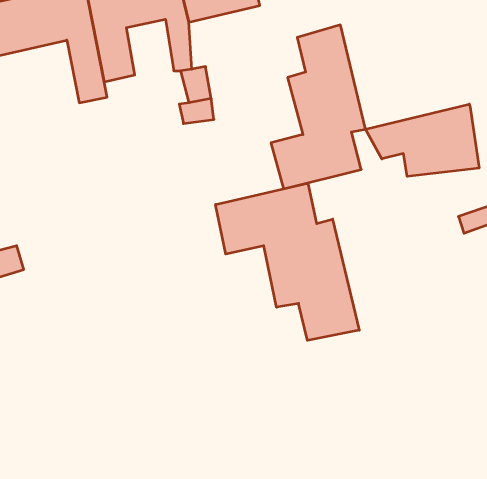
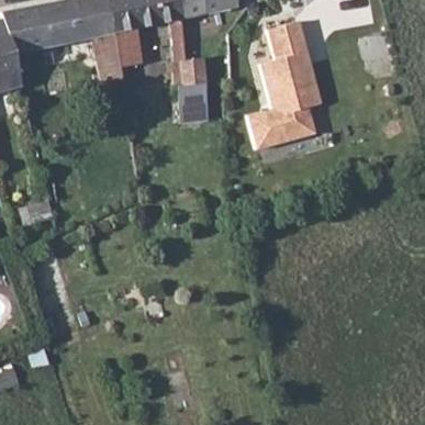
building: [365,104,479,176] -> none
building: [216,183,359,340] -> none

